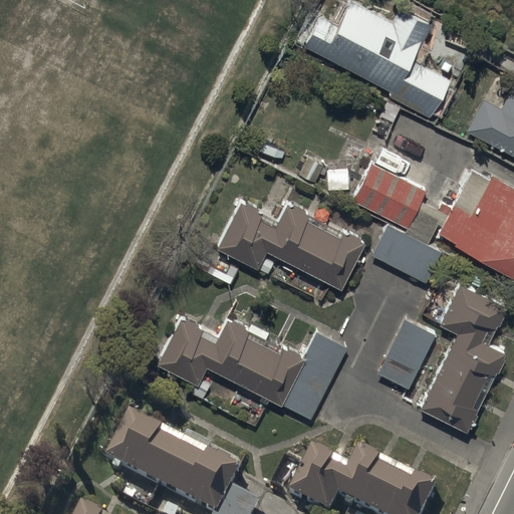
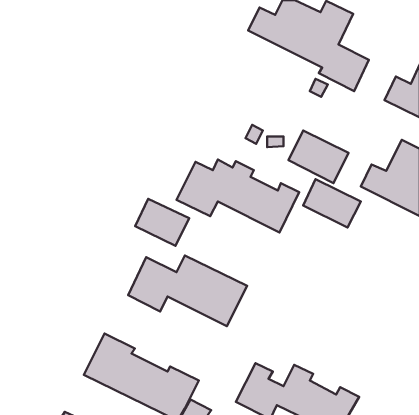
building: none -> [135,199,189,246]
building: [420,284,506,431] -> none
building: [378,320,435,389] -> none
building: [282,335,344,420] -> none

